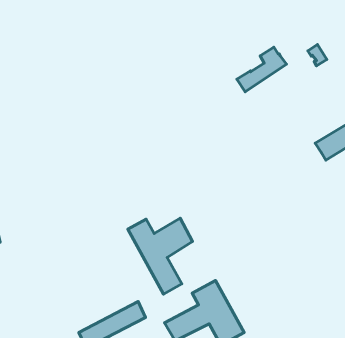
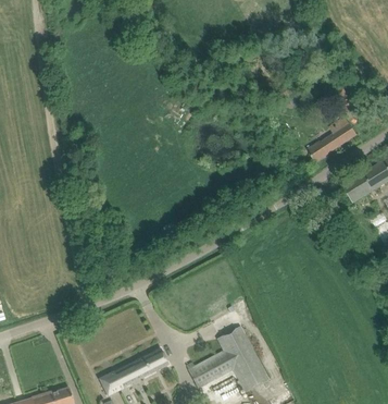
building: [237,47,287,92] -> [305,117,356,162]
building: [128,218,192,294] -> none

